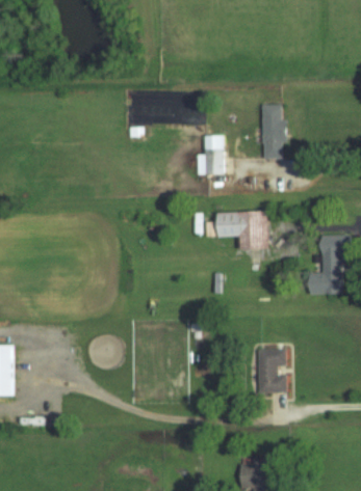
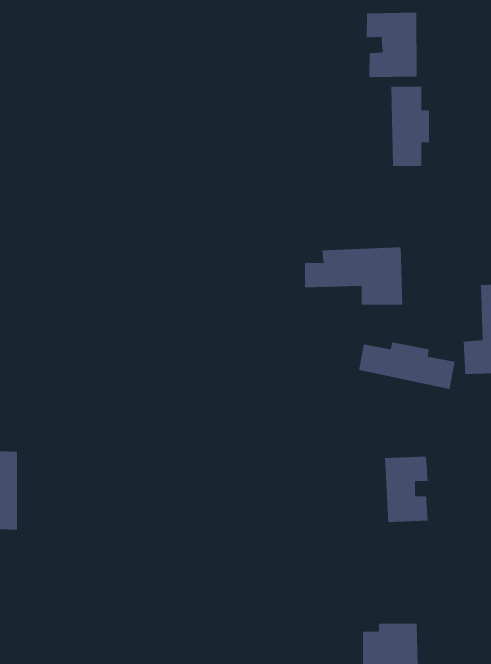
building: none -> [366,12,417,78]
building: [195,135,224,174] -> none
building: none -> [358,342,455,390]

